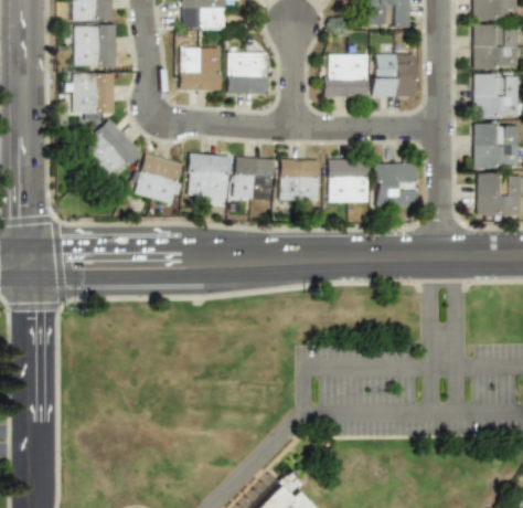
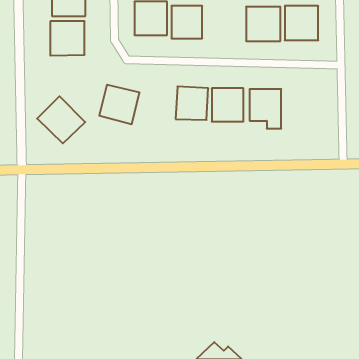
building: [81,118,142,179] -> [37,96,85,143]
building: [186,152,231,198] -> none
building: [373,161,416,207] -> none

